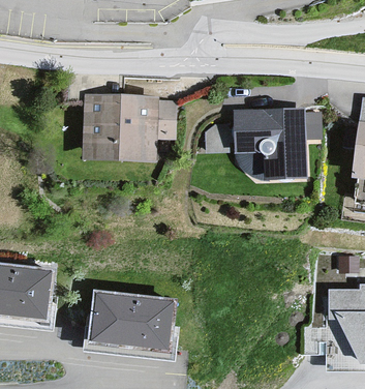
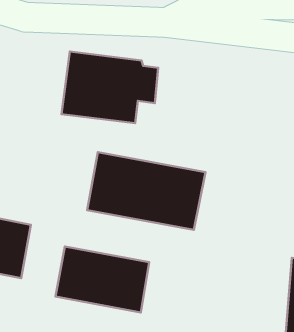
building: [235,108,307,179] -> none
building: none -> [87,152,206,230]

